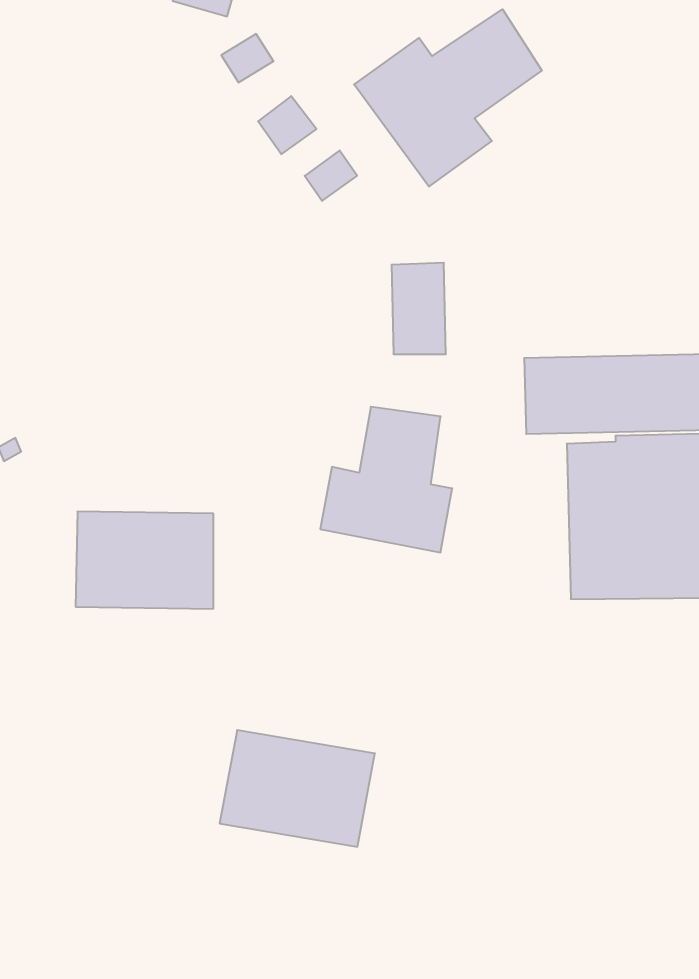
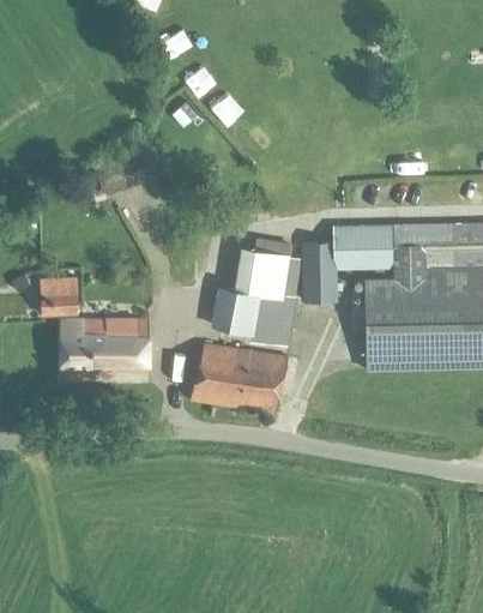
building: [354,9,542,187] -> none
building: [392,263,446,354] -> [303,240,337,296]
building: none -> [41,276,77,311]
building: [220,730,375,847] -> [191,341,286,413]

